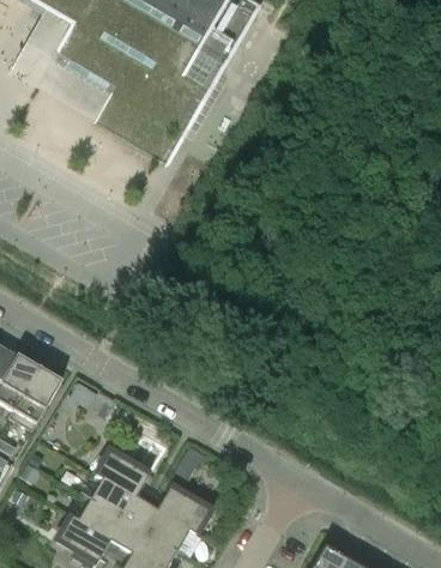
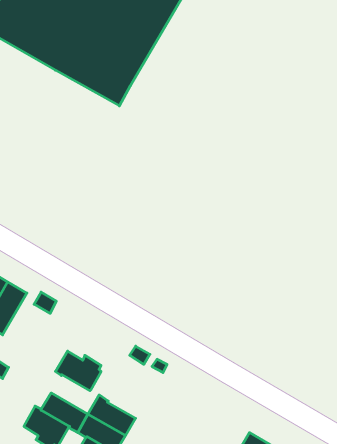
building: [89,477,145,524] -> none
building: [155,482,210,533] -> none

